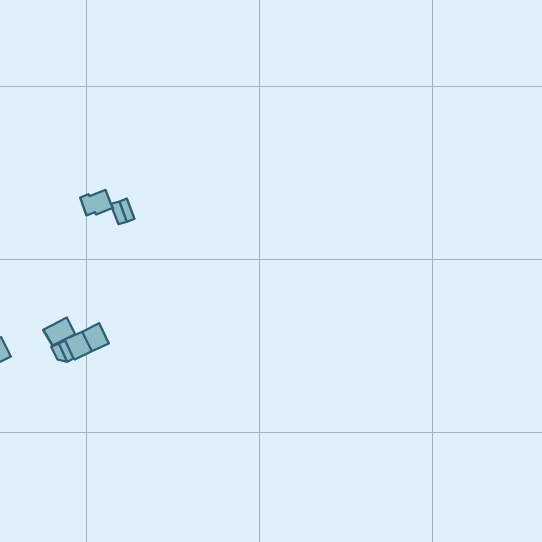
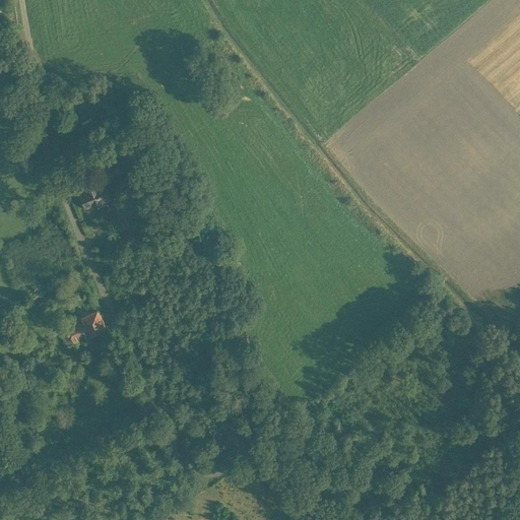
building: [43,317,75,346] -> none

